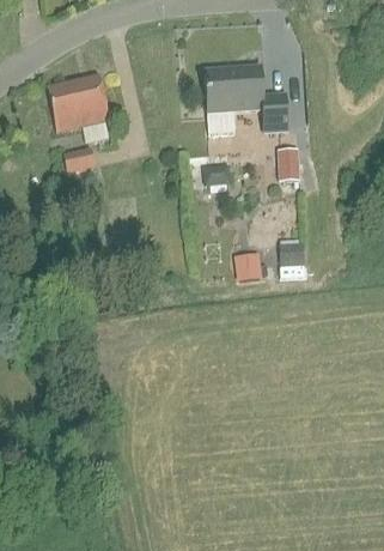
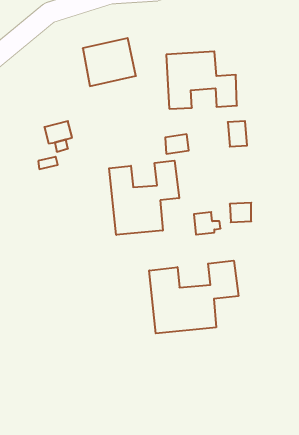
building: [47,74,109,131] -> [83,38,136,86]
building: none -> [109,161,179,235]
building: none -> [149,261,238,333]

